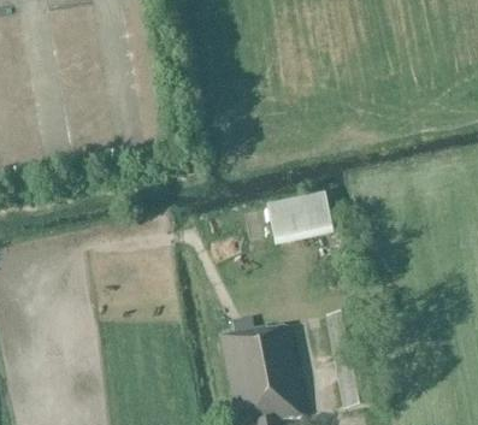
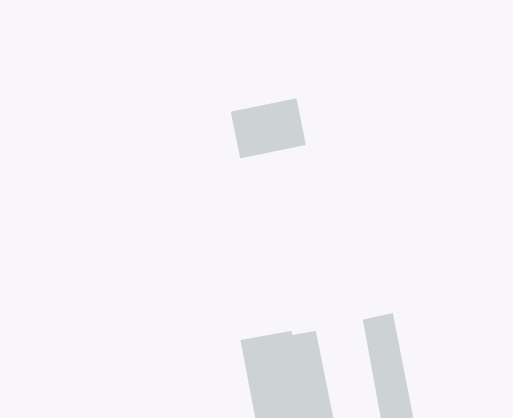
building: [265,190,332,244] -> [230,97,307,159]

